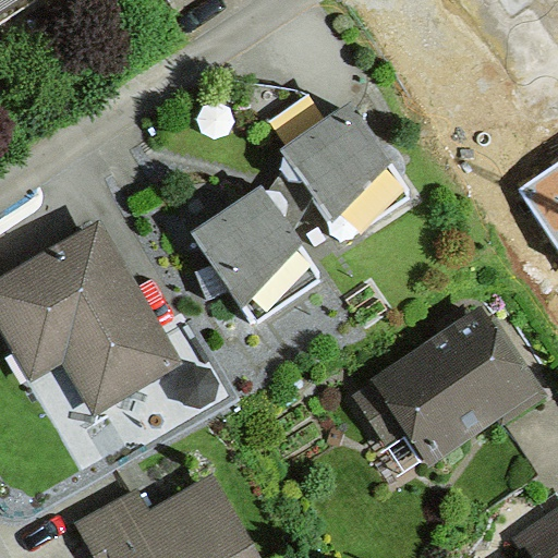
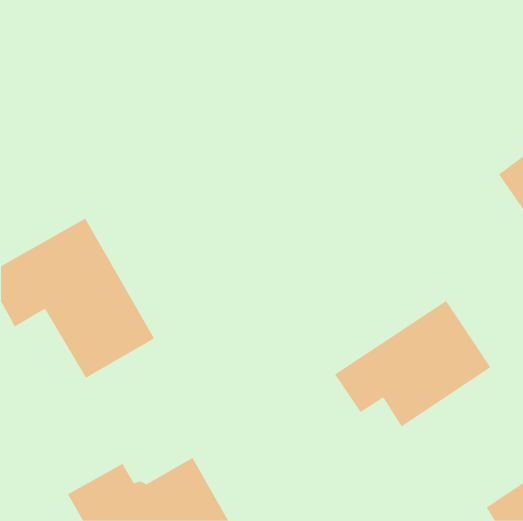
building: [279,109,407,236] -> none
building: [194,190,316,318] -> none

